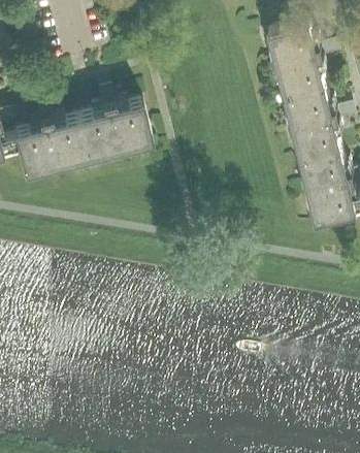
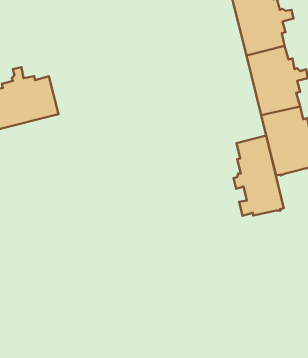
building: [73,94,149,159] -> none
building: none -> [234,135,284,216]

